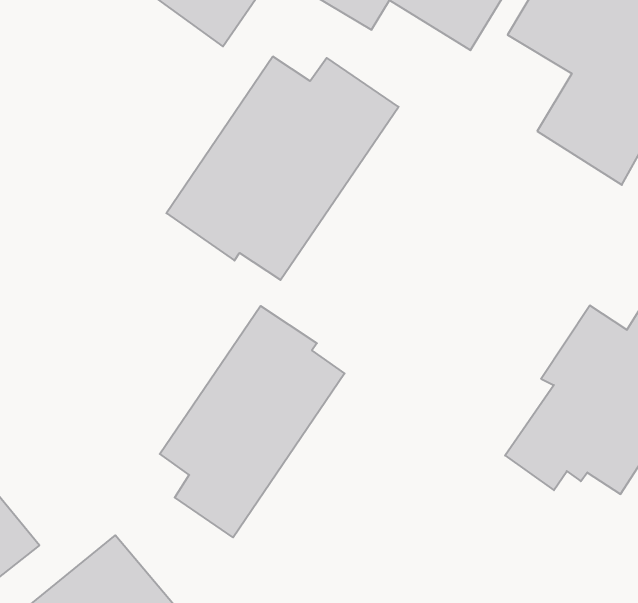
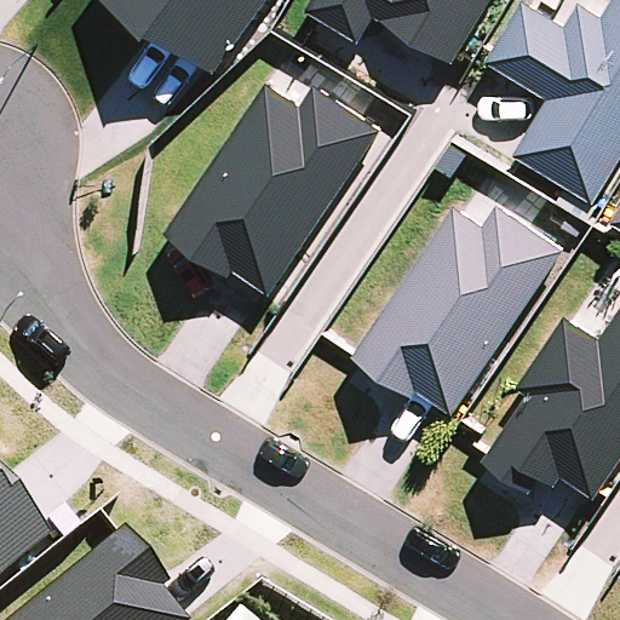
building: none -> [355,202,564,411]
building: [160,306,345,537] -> none

